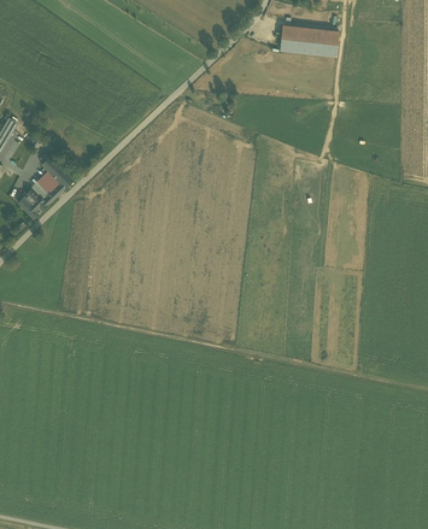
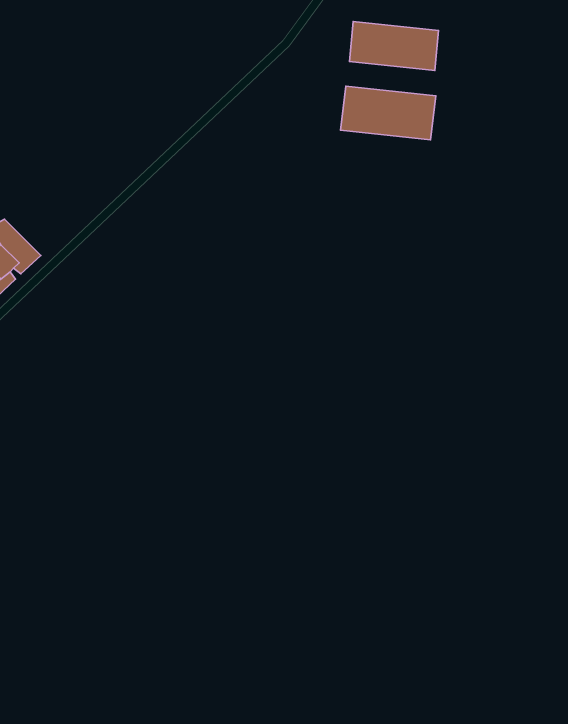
building: none -> [341,86,436,140]

